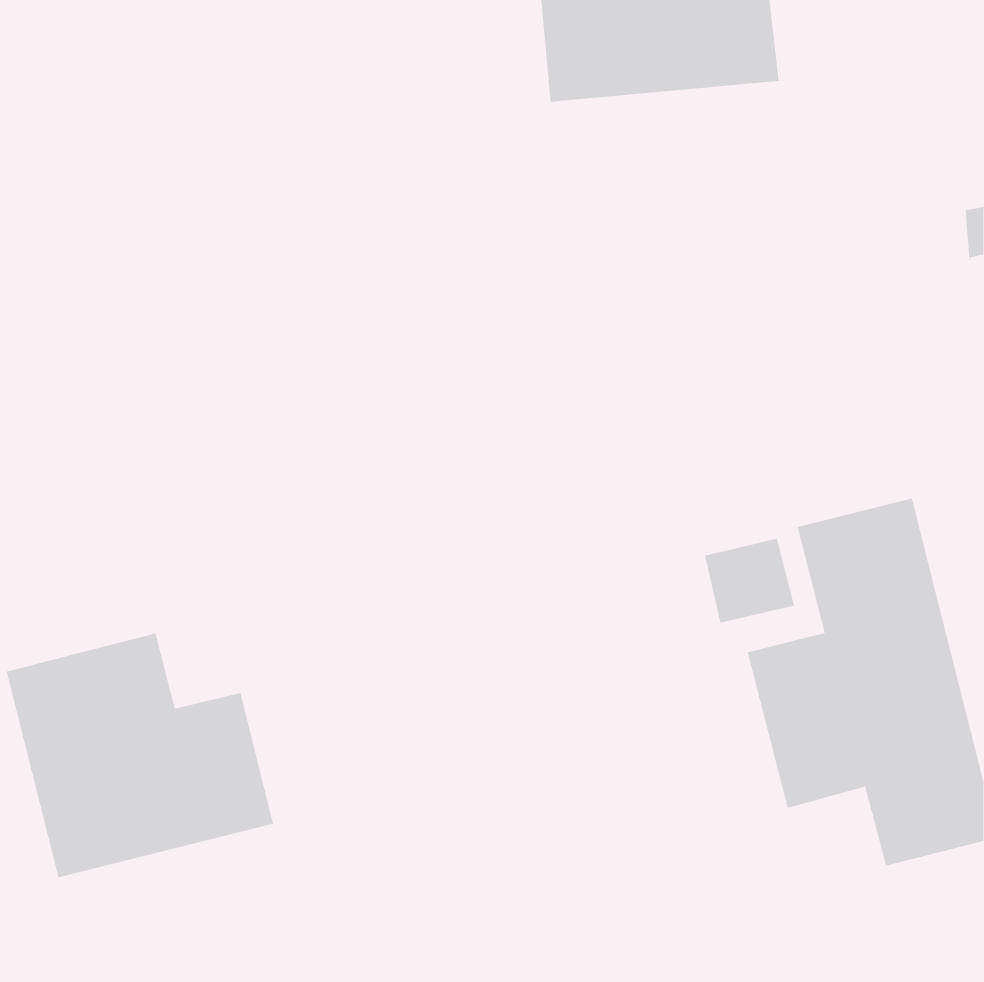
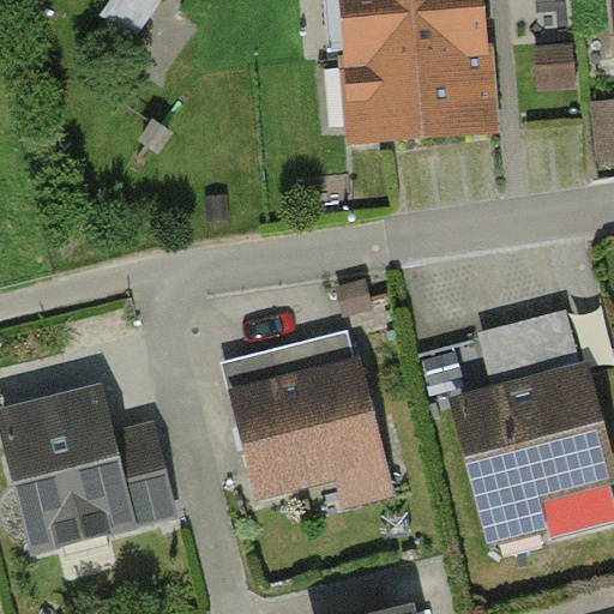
building: none -> [342,50,492,144]
building: none -> [236,330,381,492]

